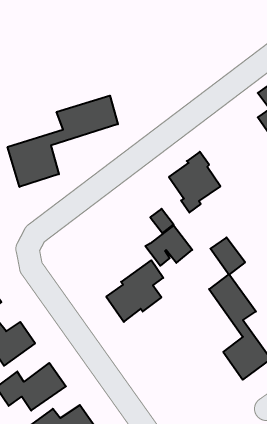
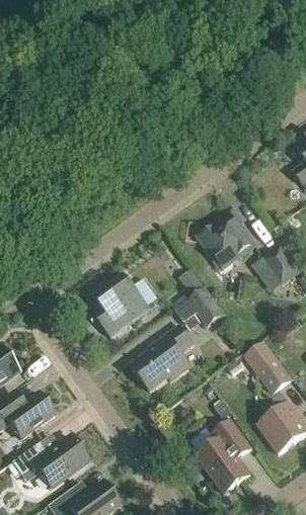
building: [8,96,118,187] -> none
building: none -> [90,272,150,336]
building: [210,237,245,275] -> [262,245,300,285]
building: none -> [196,419,250,494]

